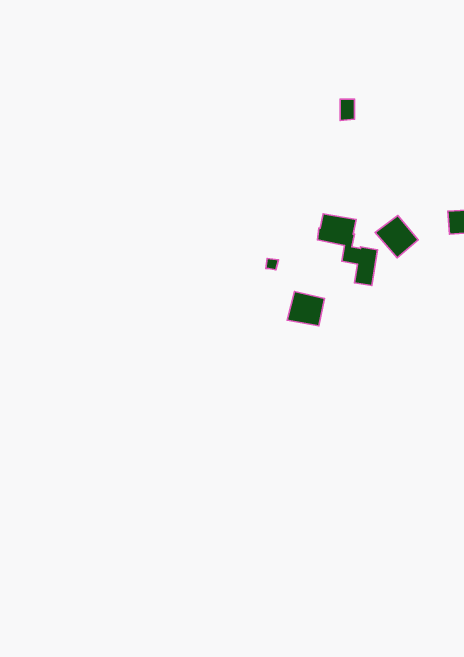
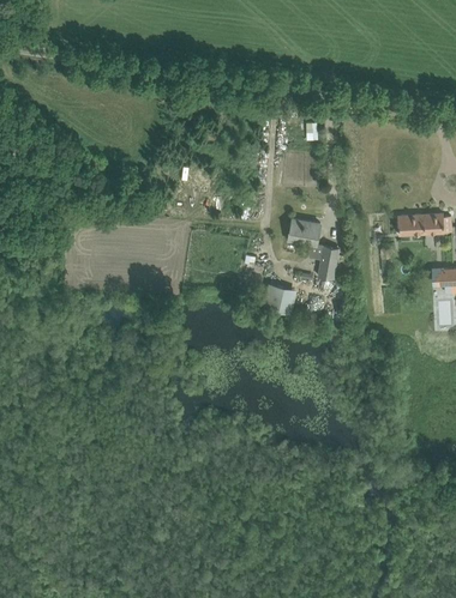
building: [375,215,418,258] -> none

